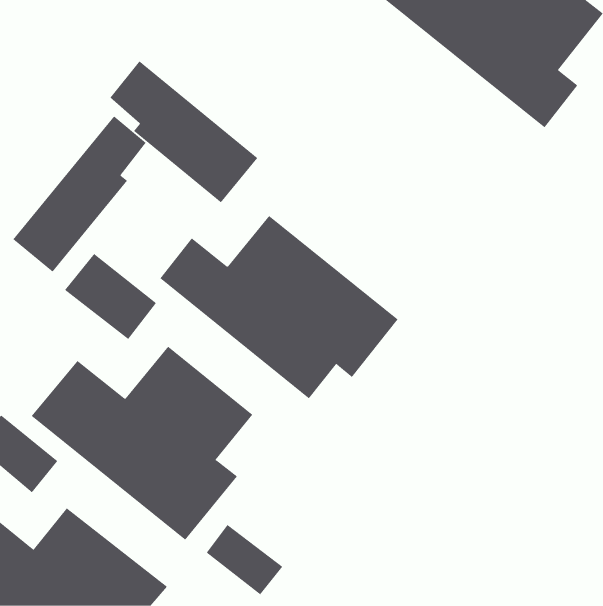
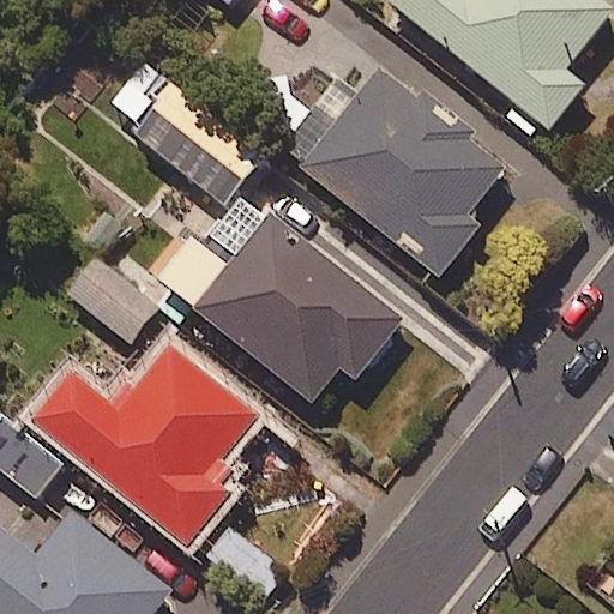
building: none -> [282,71,504,277]
building: [13,116,146,272] -> none

